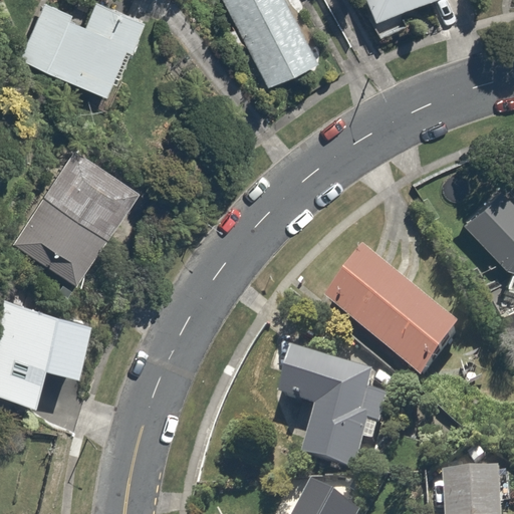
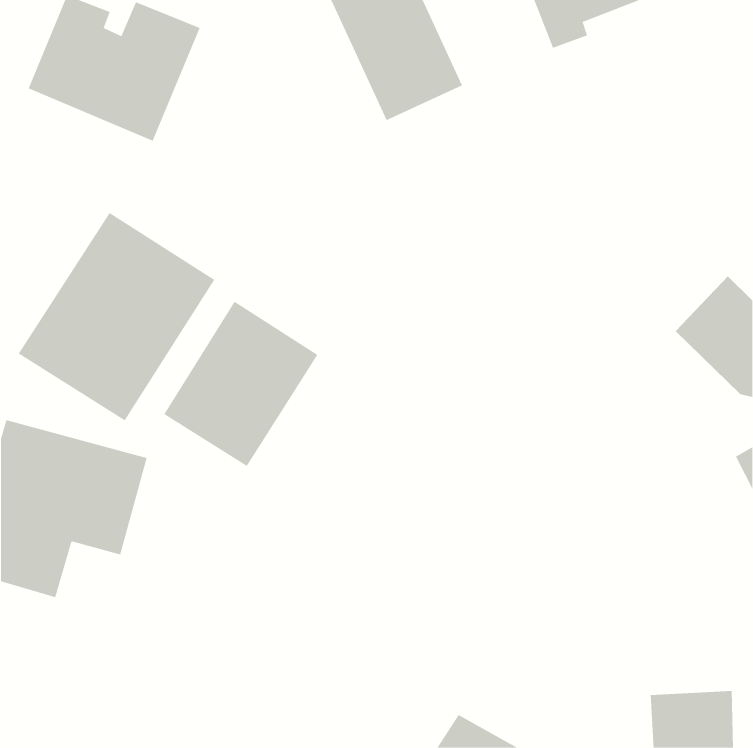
building: none -> [164,301,318,467]
building: [324,254,467,383] -> none
building: [285,362,394,470] -> none

